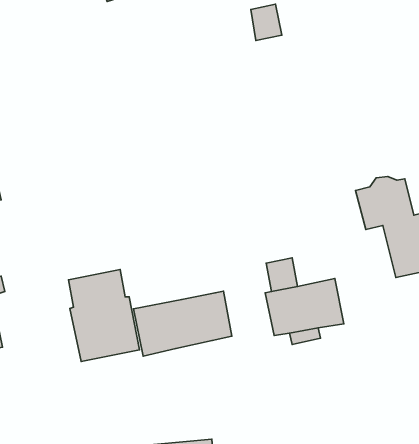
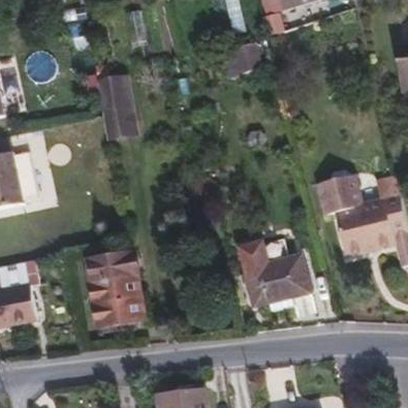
building: none -> [97,74,135,136]
building: [134,291,232,356] -> none

